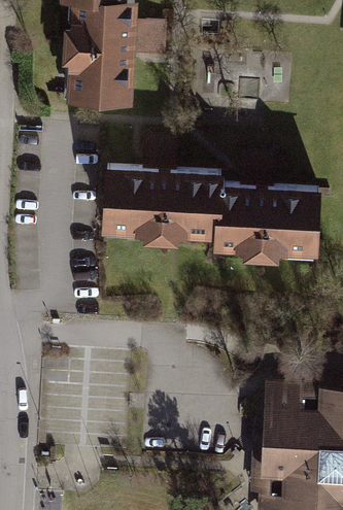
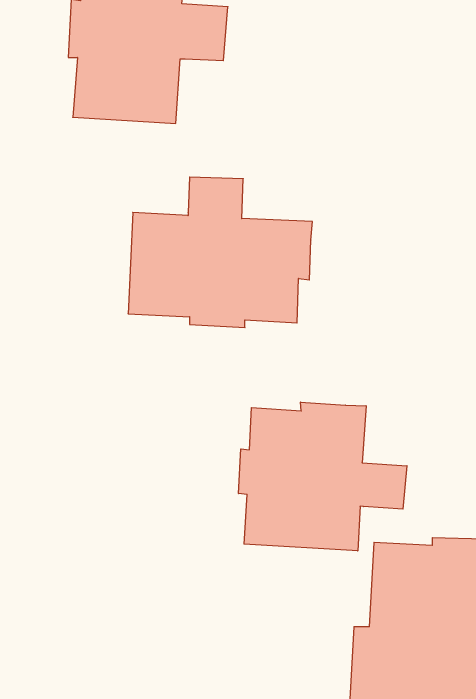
building: [213,157,322,258] -> none
building: none -> [239,402,407,551]

